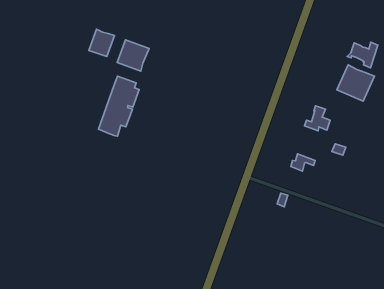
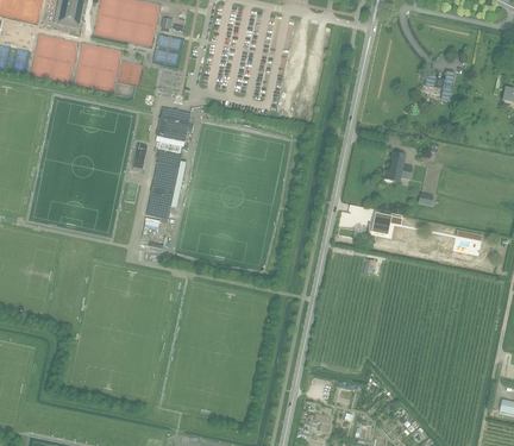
building: [89,29,114,57] -> none
building: [337,65,374,101] -> none

